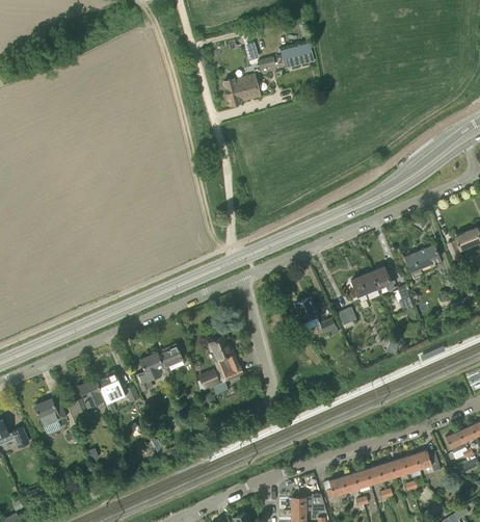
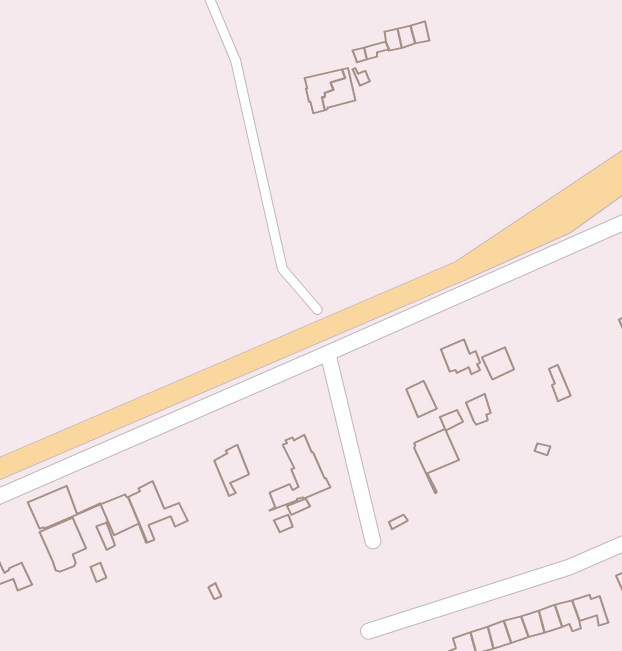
building: [403,245,442,280] -> none
building: [367,266,395,291] -> [441,339,480,374]
building: none -> [414,429,459,493]
building: [136,351,169,393] -> none
building: none -> [28,486,101,529]

